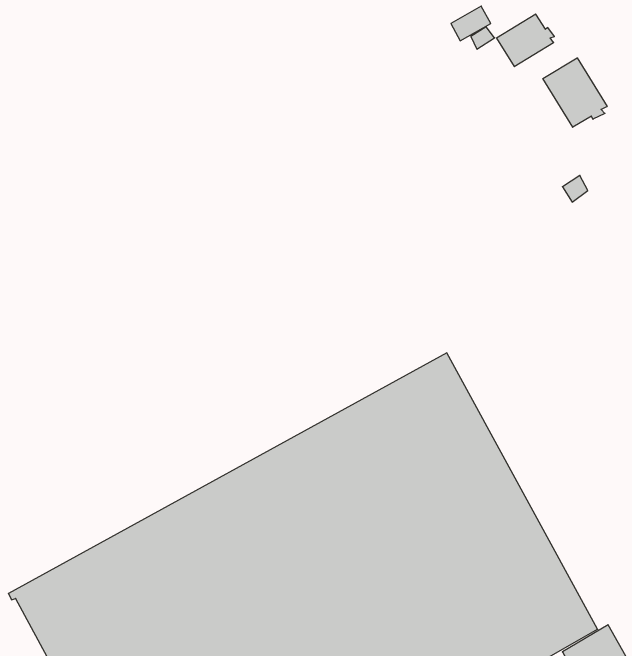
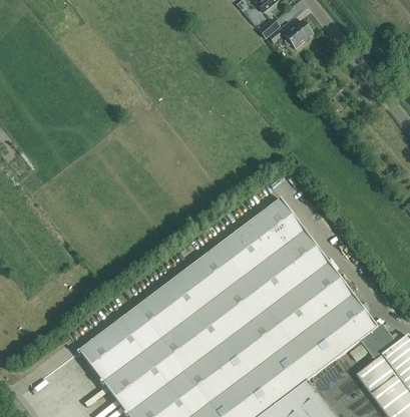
building: [543,58,607,127] -> none

